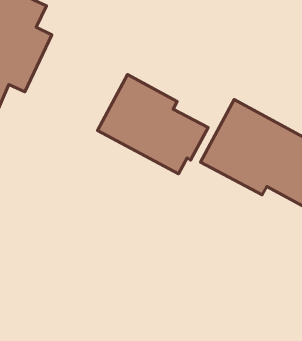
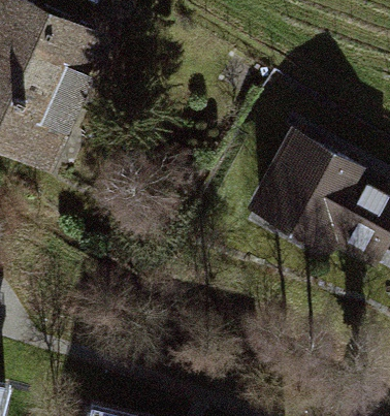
building: [98,74,208,174] -> none

